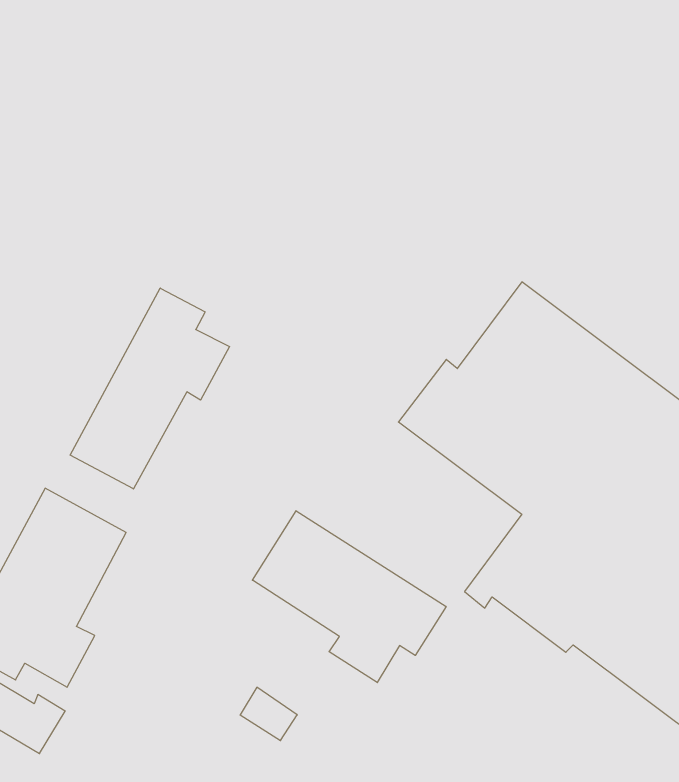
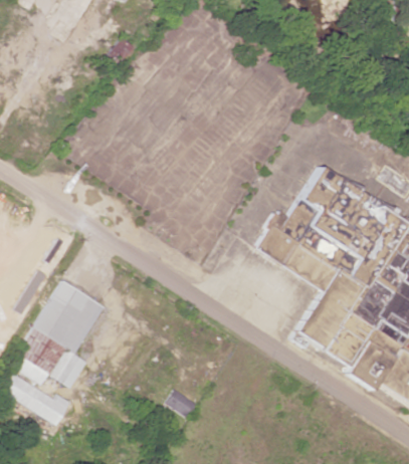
building: [70,288,230,489] -> none
building: [252,511,446,683] -> none

